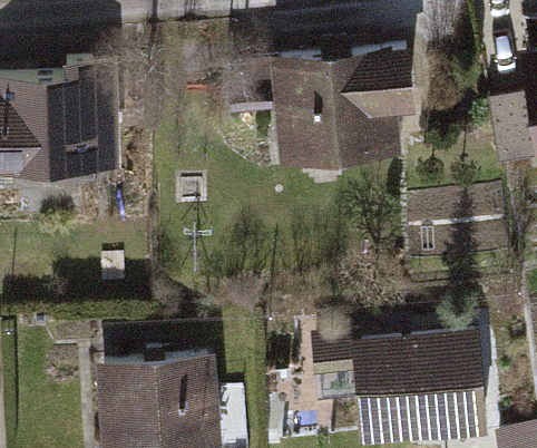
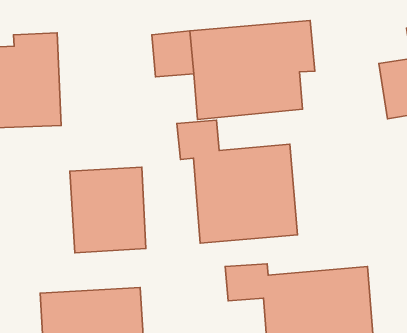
building: none -> [177,120,297,243]
building: none -> [70,167,146,253]

